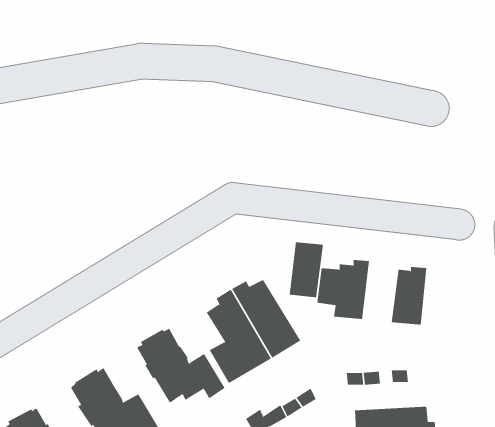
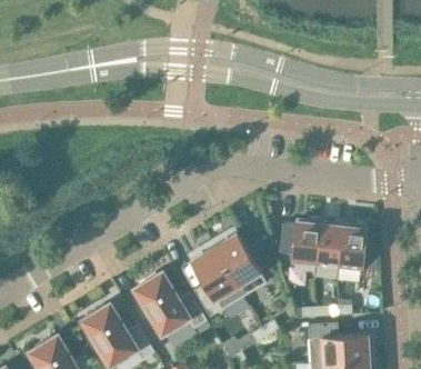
building: [289,236,324,298] -> [313,220,341,269]

